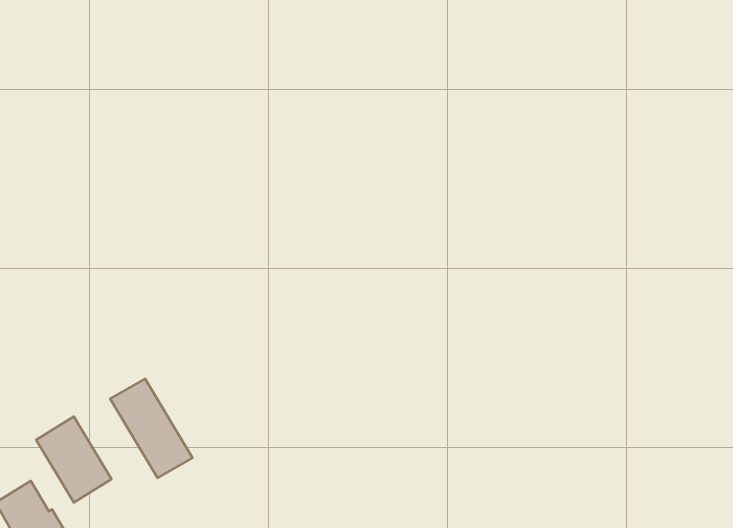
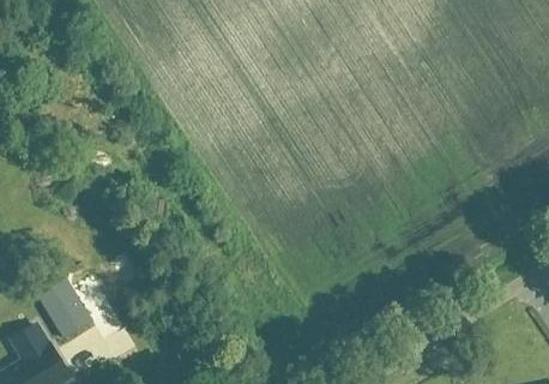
building: [110,379,192,478] -> none

